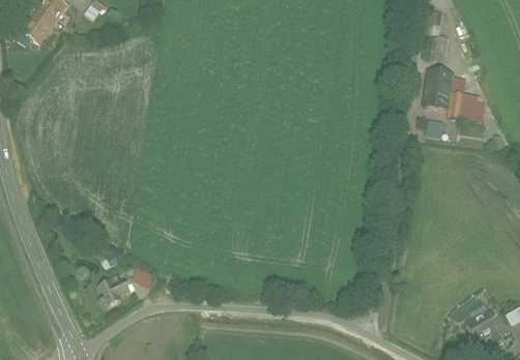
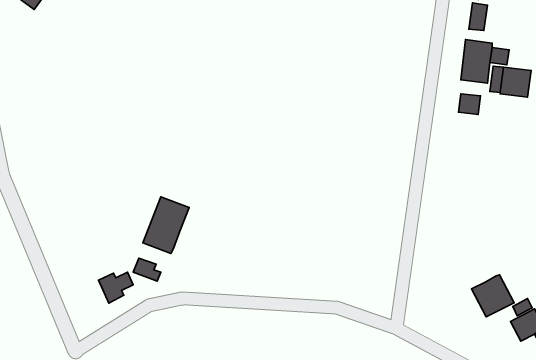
building: none -> [143,197,189,254]
building: none -> [471,275,514,317]

